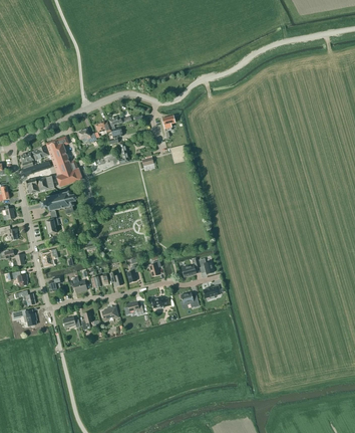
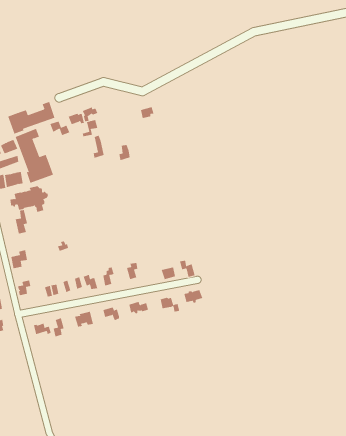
building: none -> [8,101,55,134]

